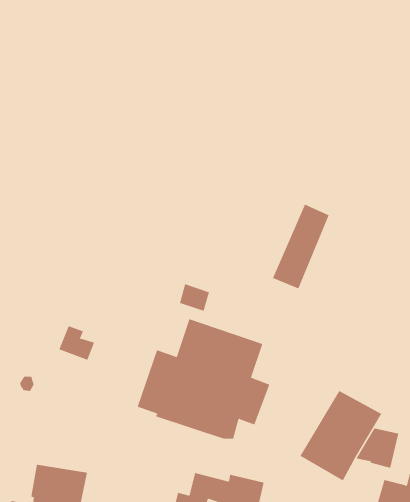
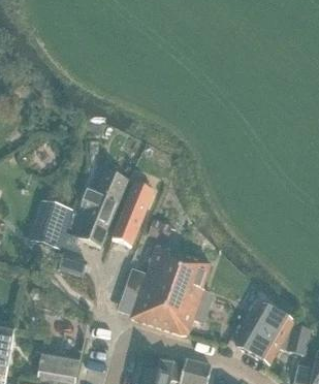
building: [272,204,330,289] -> [110,183,153,246]
building: none -> [77,170,127,246]
building: none -> [43,206,67,246]

